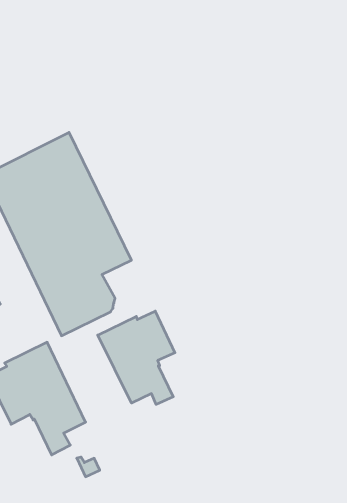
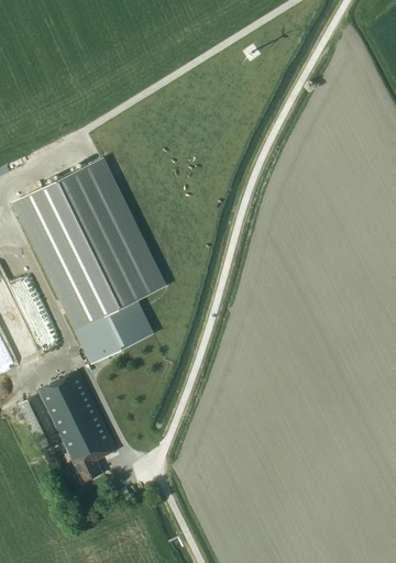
building: [98,311,175,404] -> none

